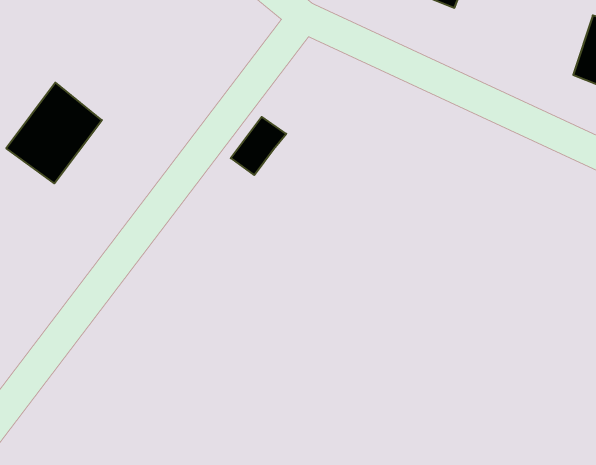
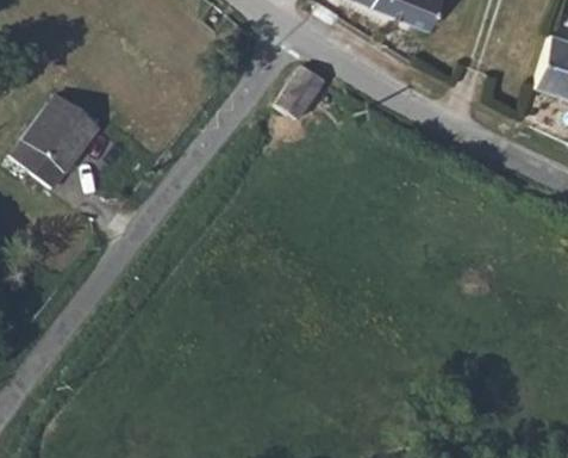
building: [231,117,286,175] -> [271,64,323,118]

